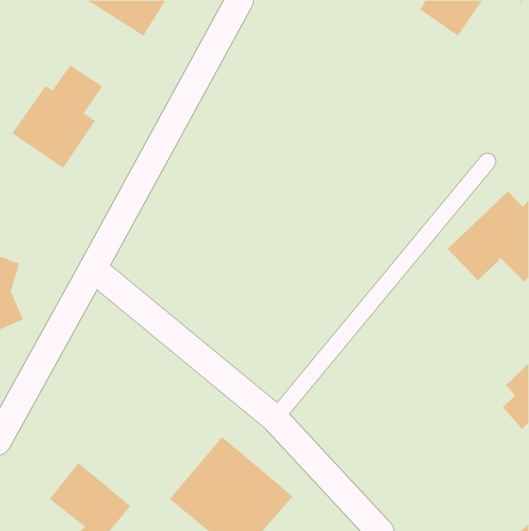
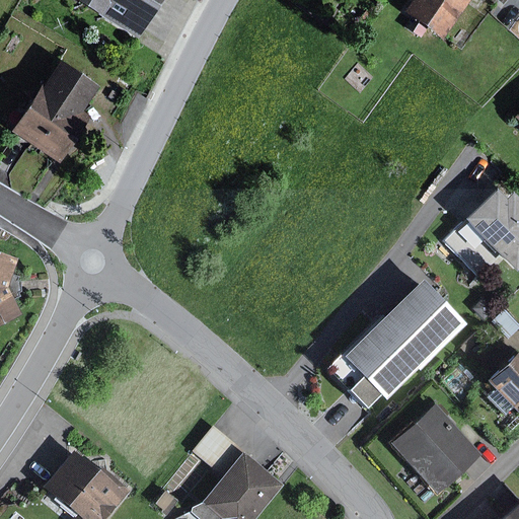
building: none -> [336,277,467,405]
building: none -> [388,402,481,496]

